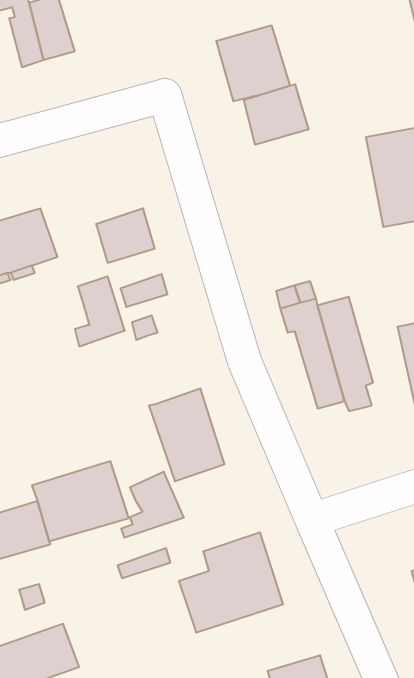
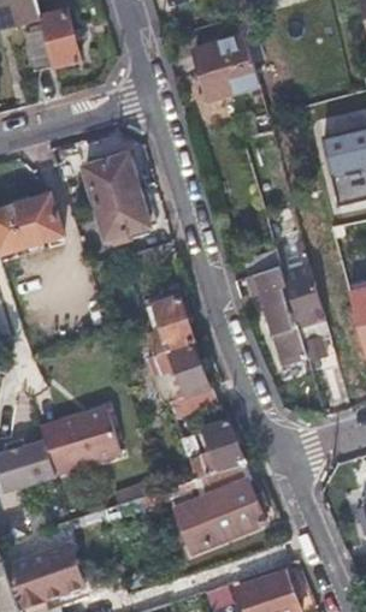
building: [244,84,308,145] -> none
building: none -> [85,154,137,206]
building: [75,276,125,346] -> [144,298,187,357]
building: [121,472,184,537] -> [187,426,240,481]

